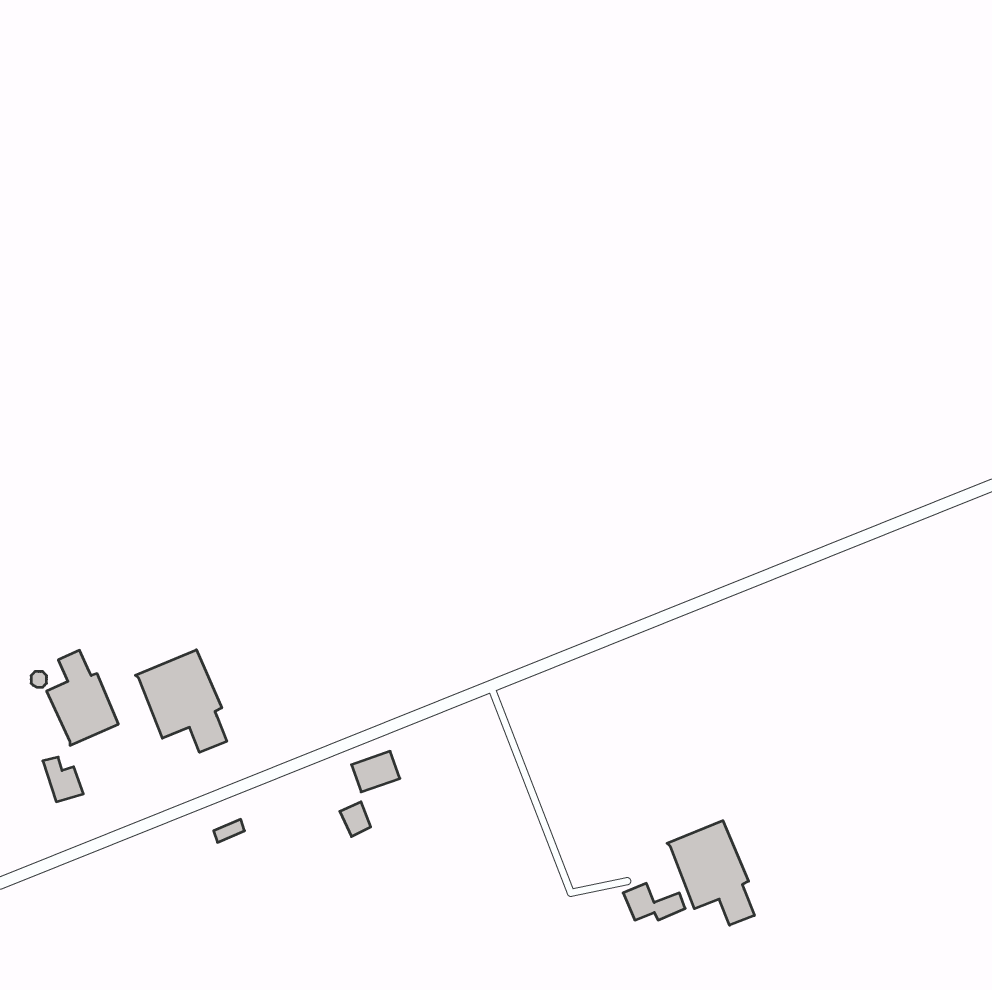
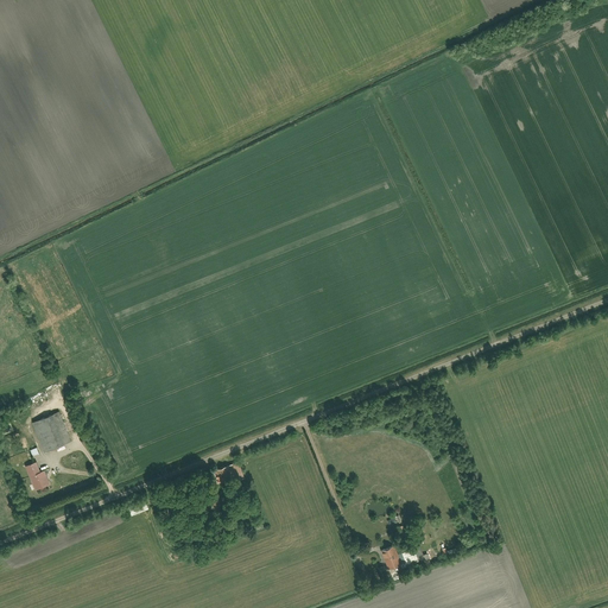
building: [135,650,227,752] -> none
building: [667,821,754,925] -> none

